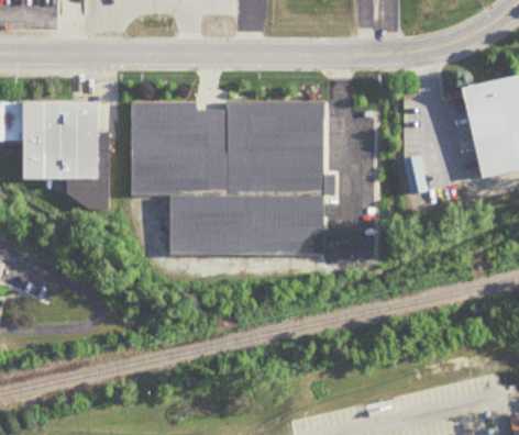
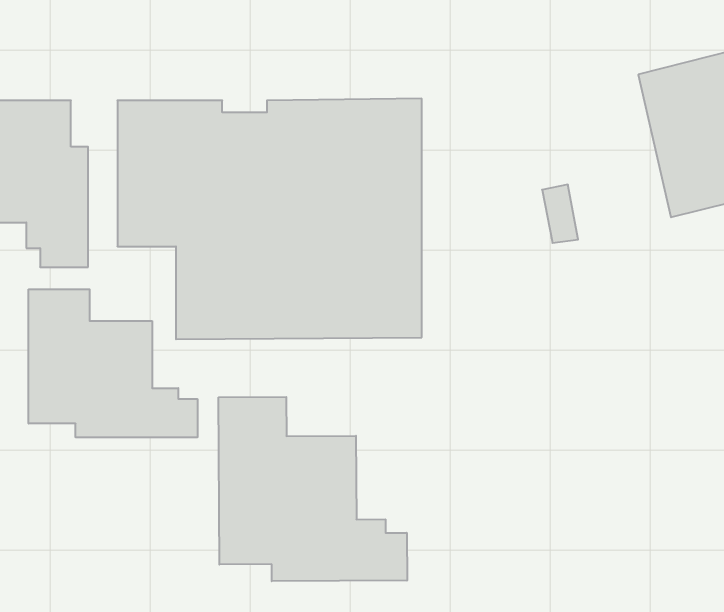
building: none -> [29,289,197,437]
building: none -> [219,397,407,581]

